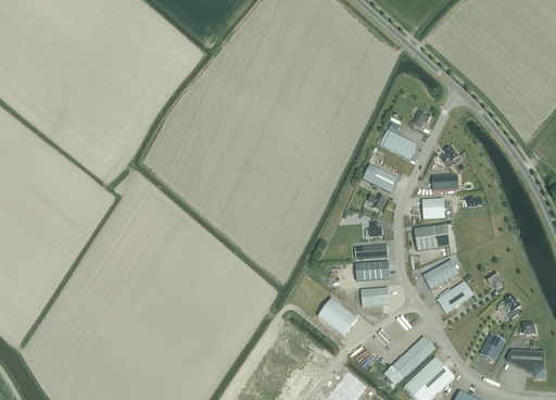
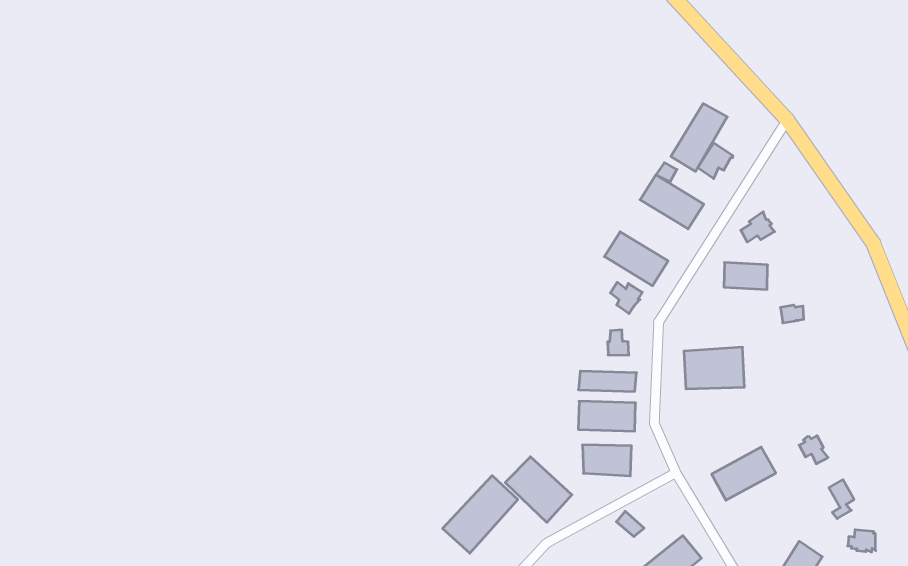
building: none -> [671,104,727,171]
building: [422,199,445,220] -> none
building: [422,260,459,289] -> none
building: none -> [443,476,518,553]

